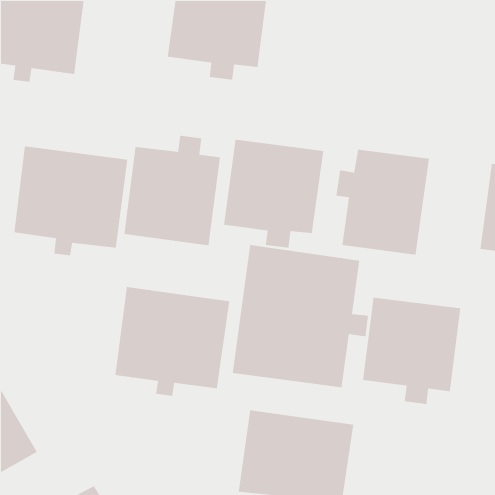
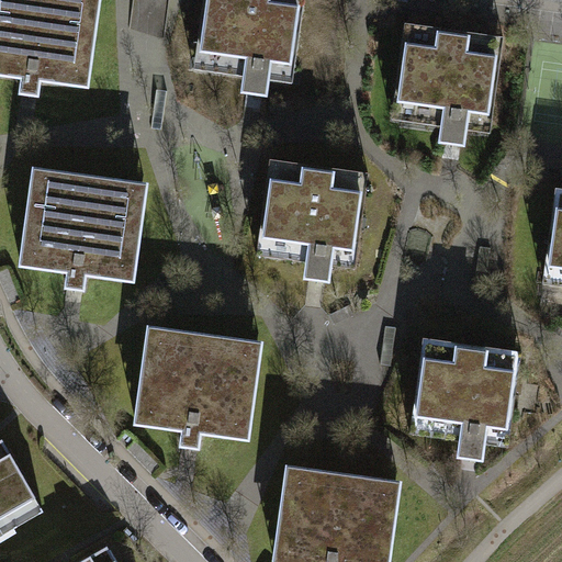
building: none -> [390,24,507,144]
building: [124,135,221,246] -> none
building: [335,149,430,255] -> none
building: [232,244,369,388] -> none

